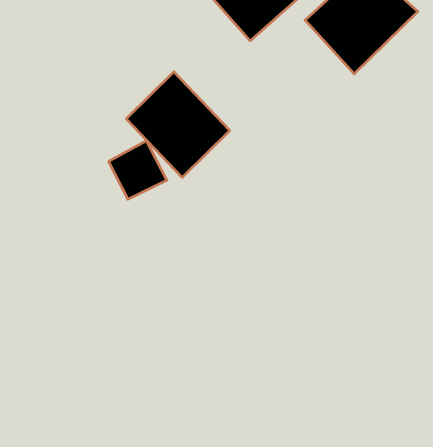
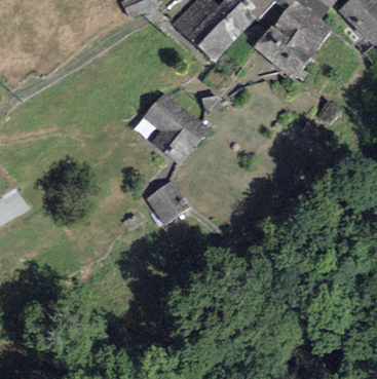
building: [109,141,167,199] -> [147,179,190,222]

